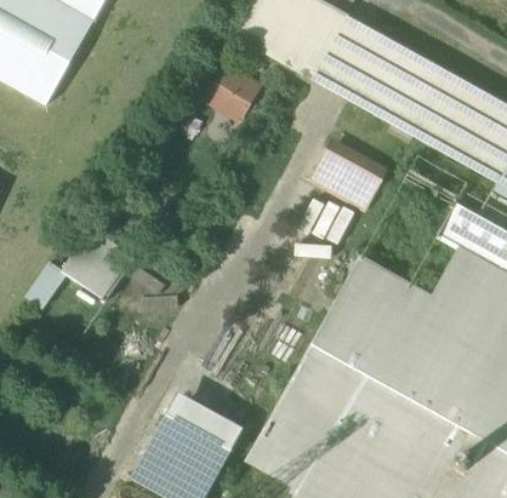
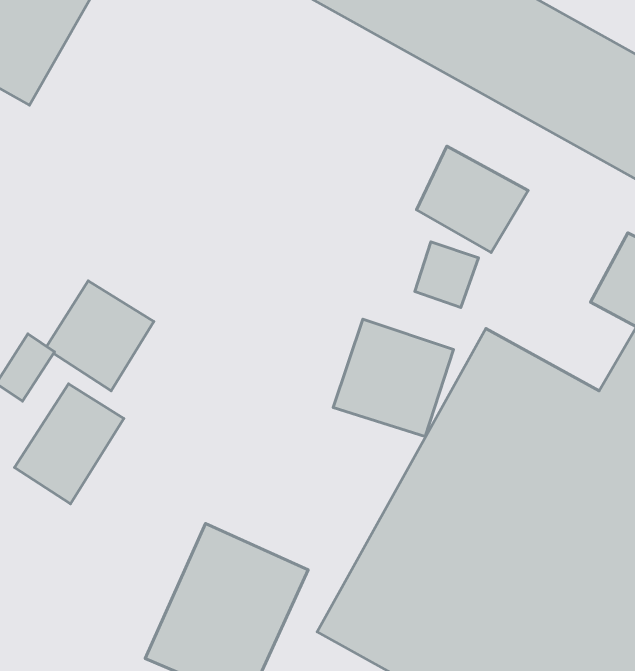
building: [199,58,262,121] -> none
building: none -> [333,319,453,436]
building: none -> [15,384,124,504]

